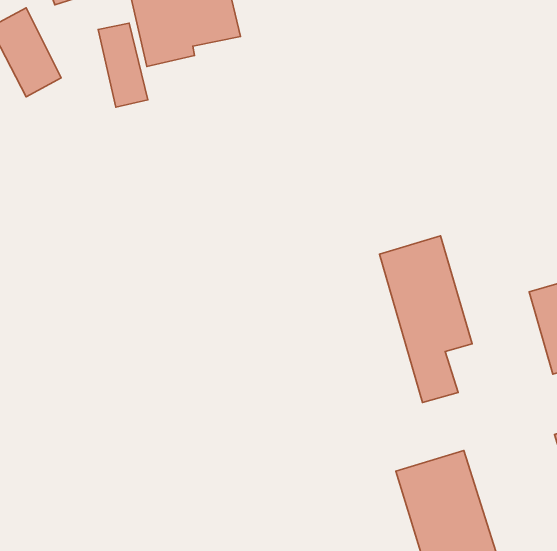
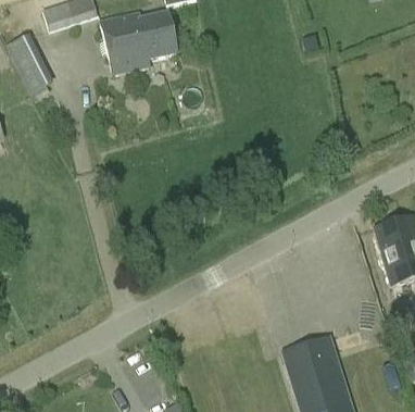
building: [98,23,148,107] -> none
building: [380,236,472,403] -> none

